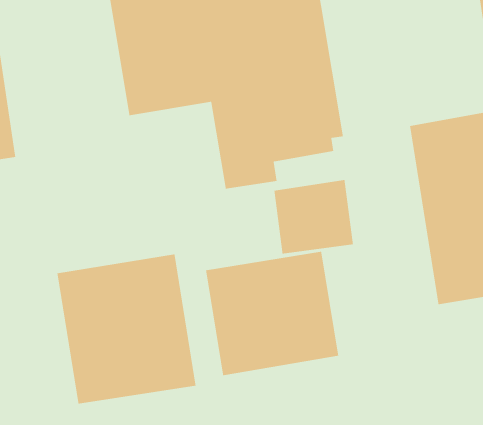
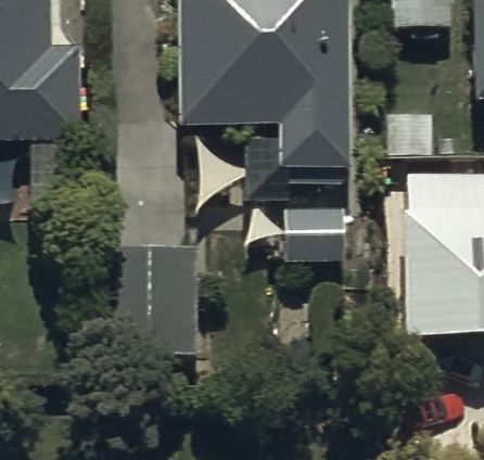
building: [205,251,339,376] -> none

